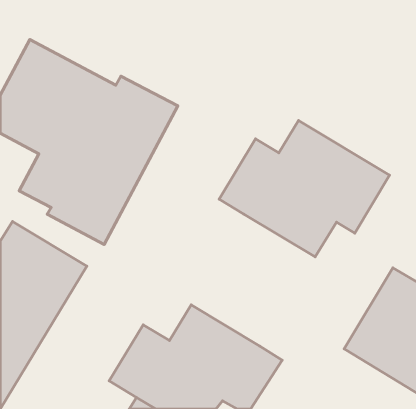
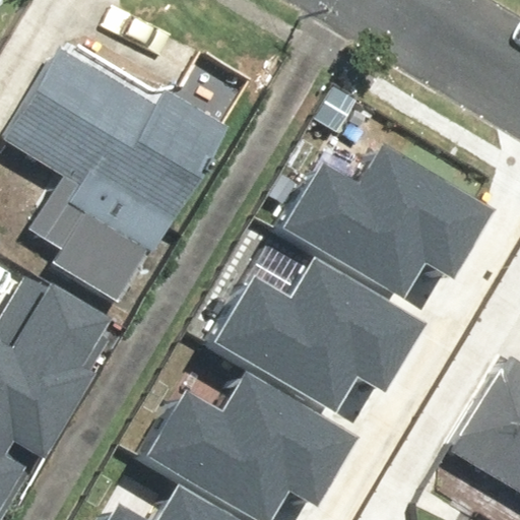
building: none -> [205,263,419,426]

